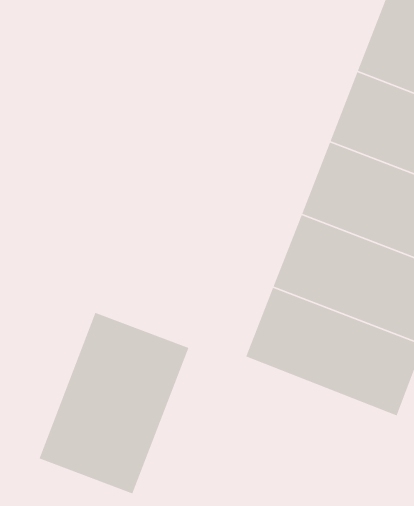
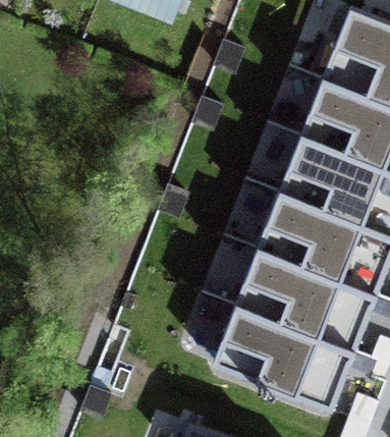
building: [38,312,189,495] -> none
building: none -> [210,305,351,409]

